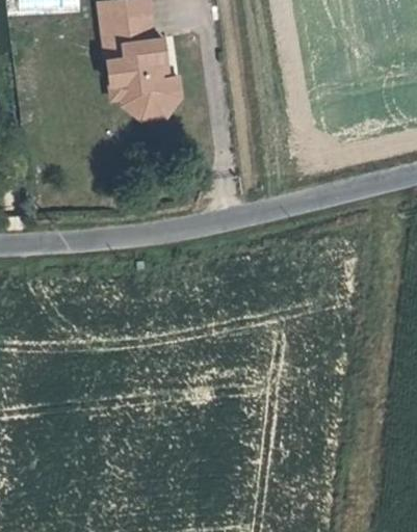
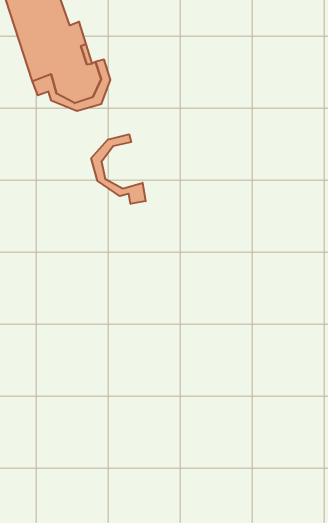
building: none -> [91,134,146,204]

